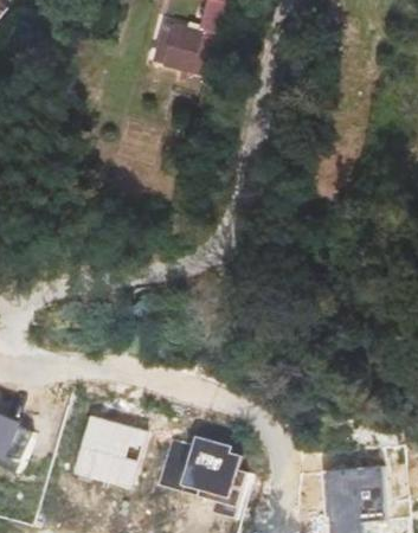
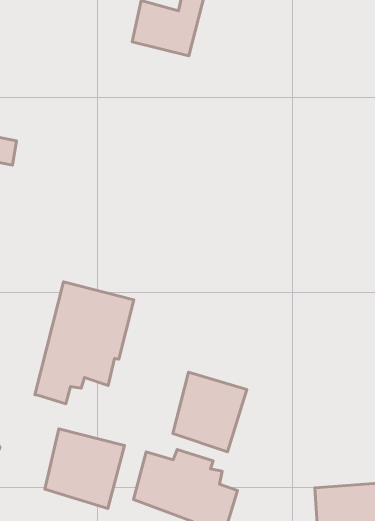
building: none -> [35,282,134,404]
building: none -> [173,372,247,452]

